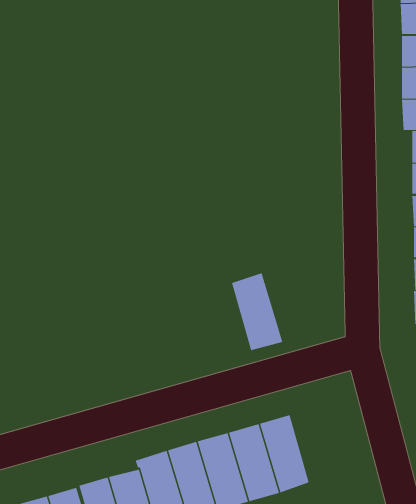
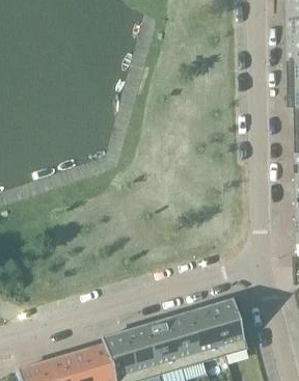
building: [231,273,283,351] -> [209,299,245,354]

